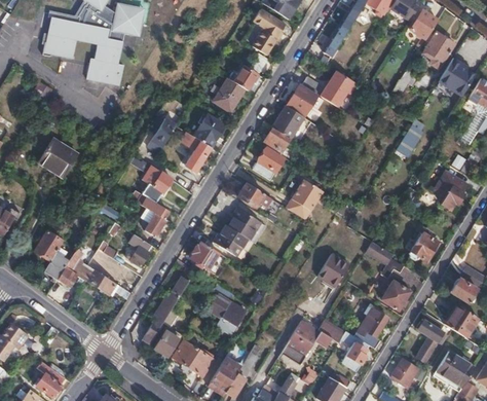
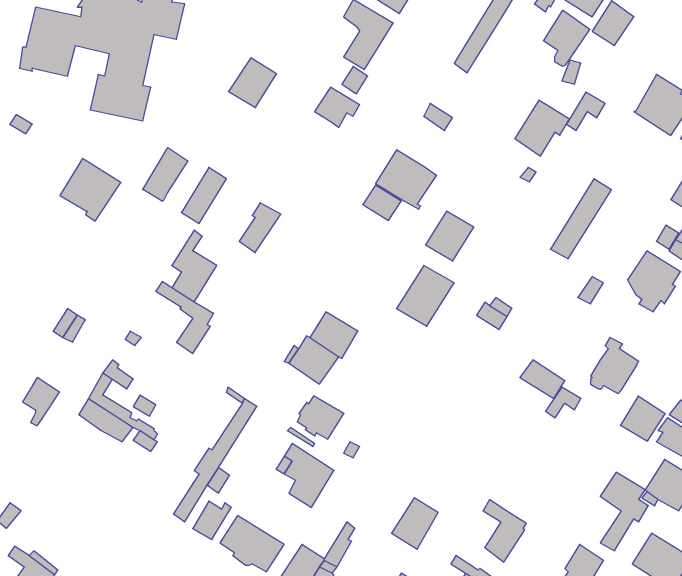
building: [423,32,453,68] -> [543,10,590,66]
building: [321,71,355,107] -> [515,100,569,156]
building: [213,78,244,110] -> [228,58,277,108]
building: [285,85,315,116] -> none
building: none -> [143,148,188,201]
building: [191,117,223,147] -> none
building: [38,139,77,179] -> [60,159,121,221]
building: [252,148,283,180] -> [426,211,474,261]
building: [237,183,270,207] -> none
building: [35,230,63,259] -> none
building: [58,232,91,286] -> none
building: [125,234,150,268] -> none
building: [189,242,219,269] -> [297,396,344,439]
building: [317,253,347,285] -> none
building: [380,281,409,309] -> [620,396,665,441]
building: [353,308,386,348] -> none
building: [311,318,344,344] -> none

